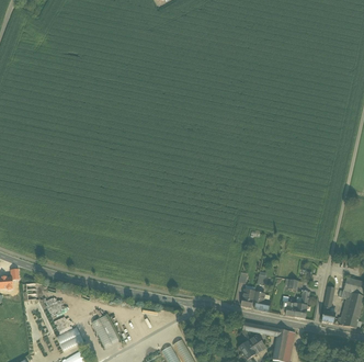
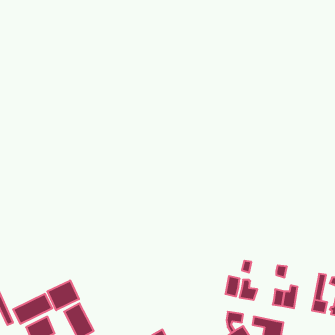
building: none -> [47,280,79,310]

